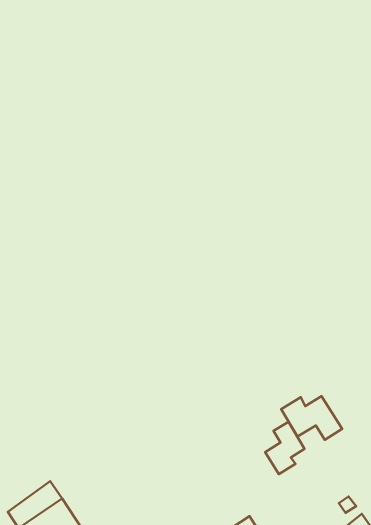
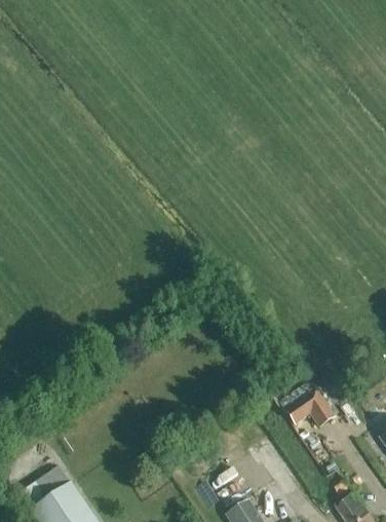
building: [265,422,305,474] -> none

